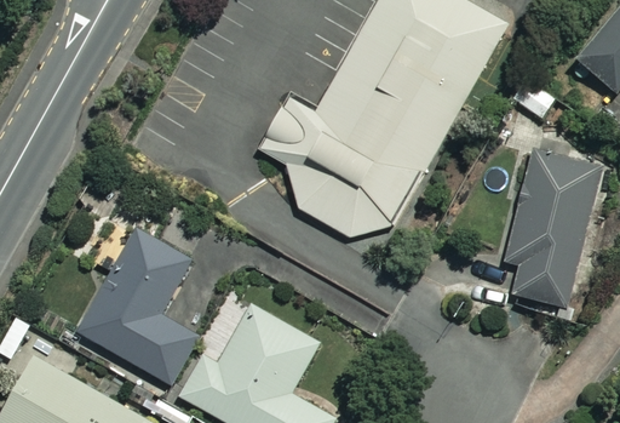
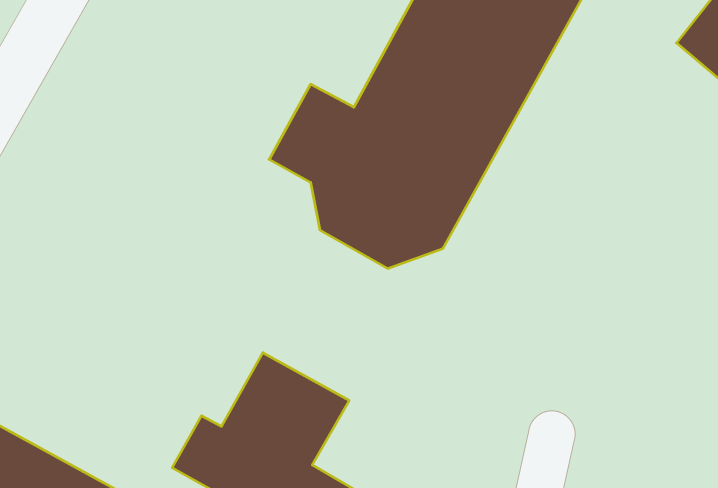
building: [505,152,601,307] -> none
building: [79,228,196,383] -> none

